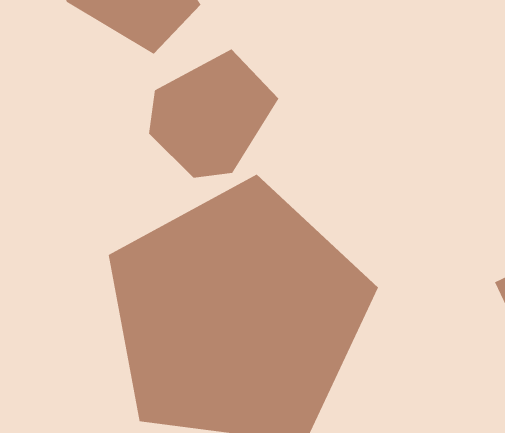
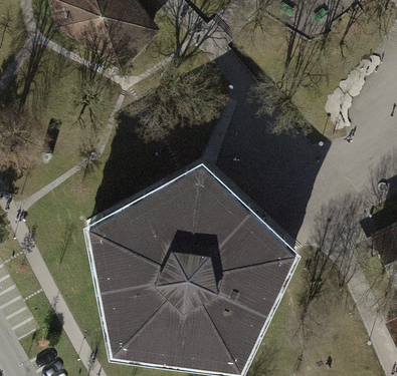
building: [149,48,279,179] -> none

